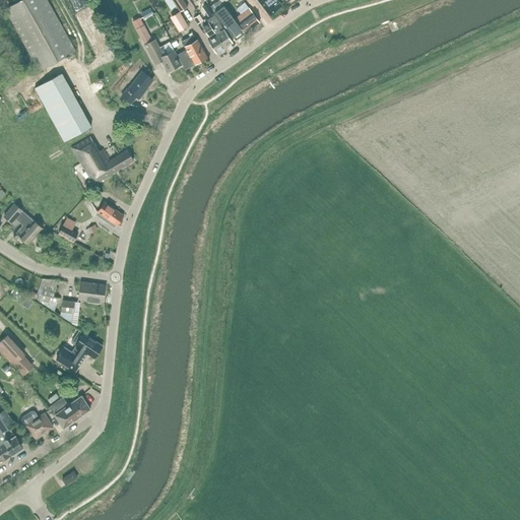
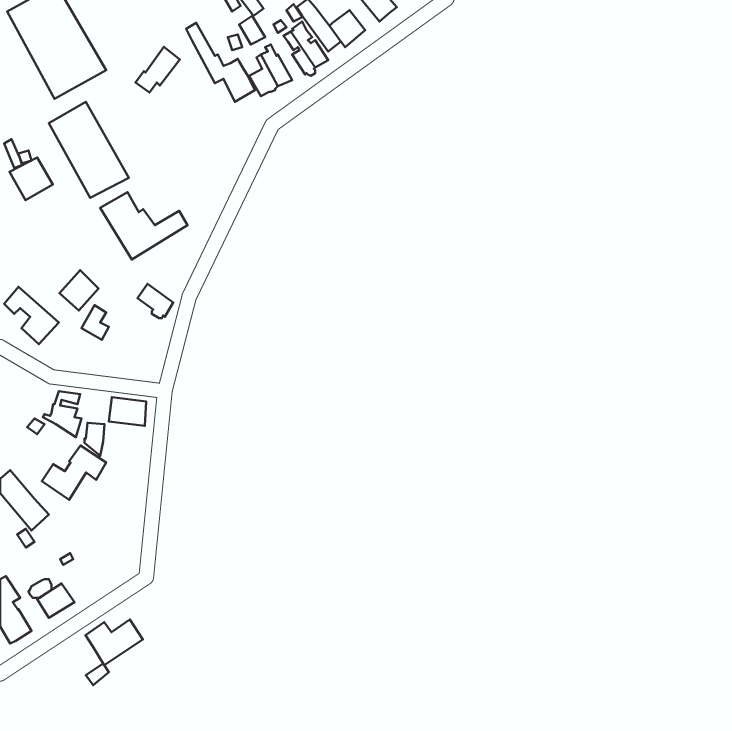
building: [121,70,152,103] -> [135,47,180,93]
building: none -> [9,158,53,200]
building: none -> [60,270,99,311]
building: [56,333,102,372] -> [42,445,106,500]
building: [50,395,90,428] -> [86,619,143,665]

